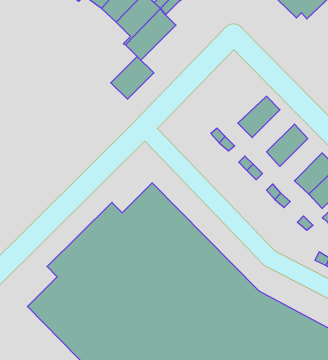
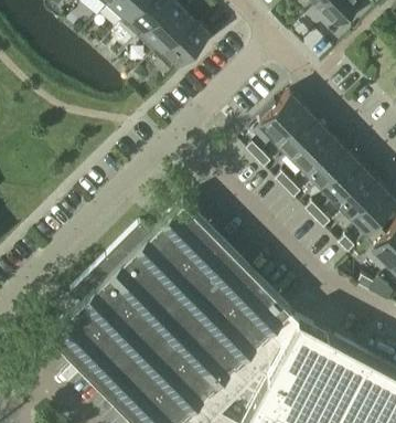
building: [111,57,154,99] -> none
building: none -> [263,98,308,142]
building: none -> [292,128,338,173]
building: none -> [322,159,367,204]

